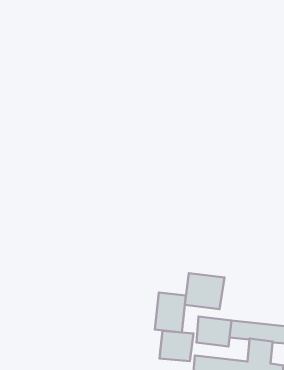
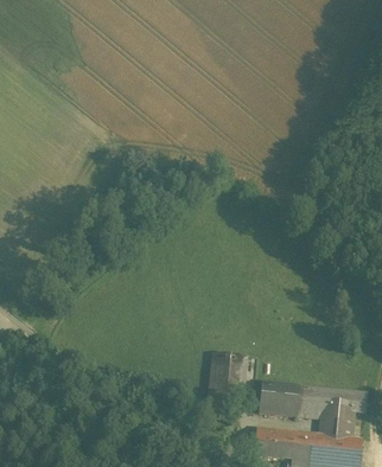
building: [185,273,224,309] -> none
building: [160,331,193,361] -> none

